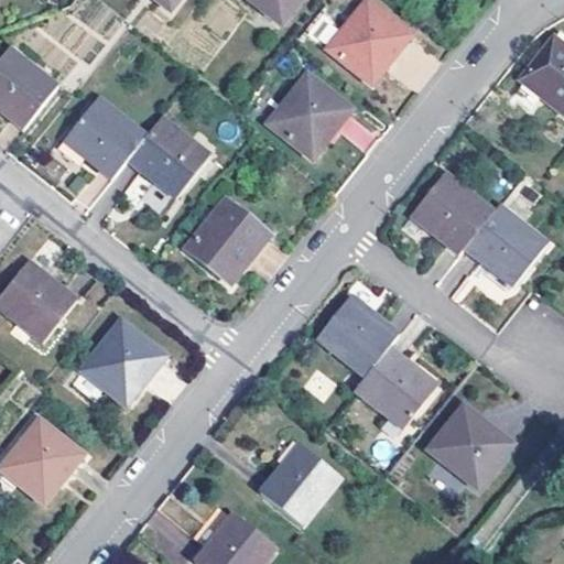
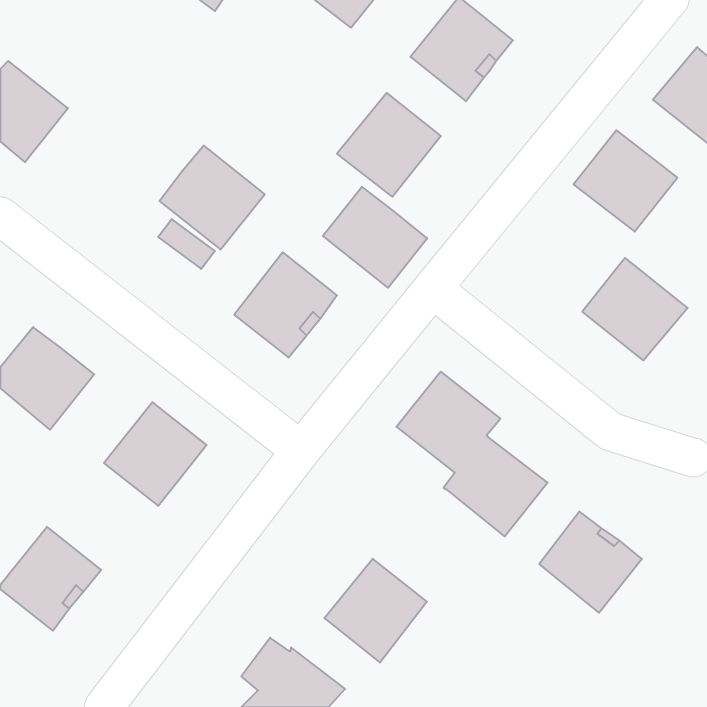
building: [64,97,147,180] -> none
building: none -> [323,187,427,288]
building: [411,173,494,253] -> [574,130,677,232]

